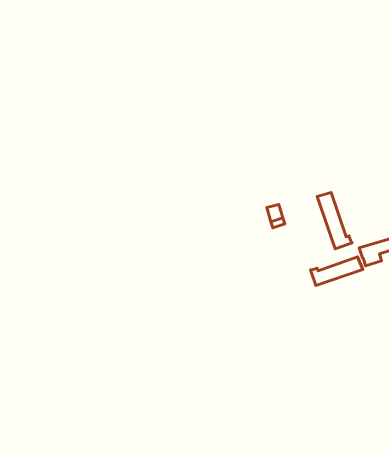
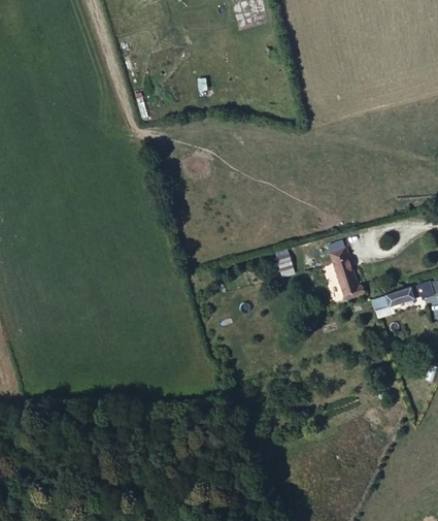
building: [310,257,363,286] -> none

